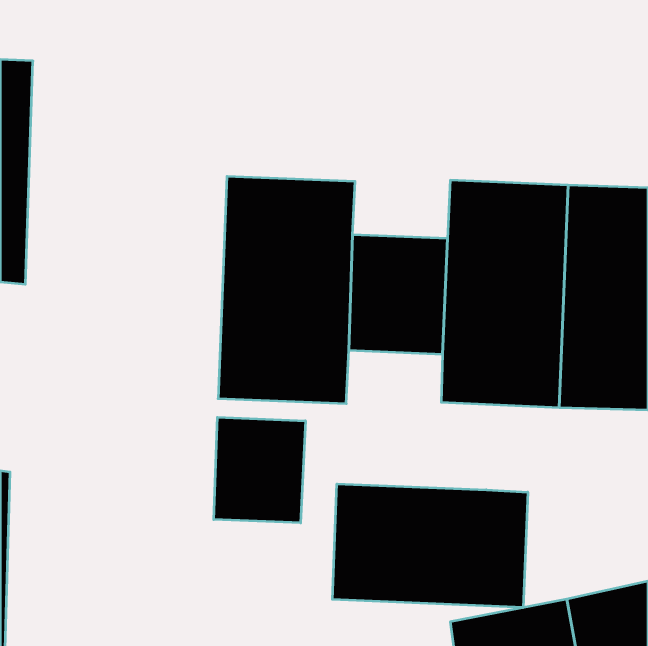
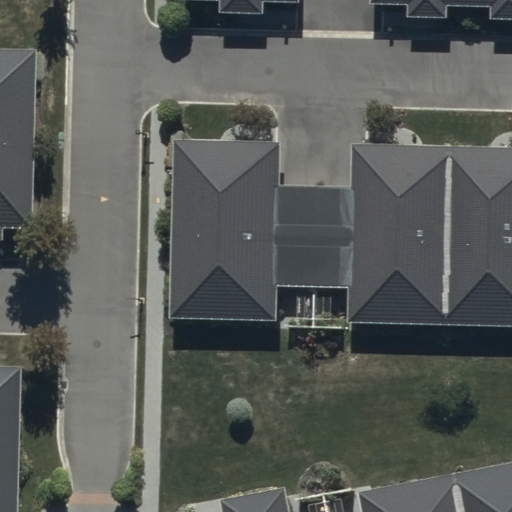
building: [214,417,305,523] -> none
building: [332,484,528,608] -> none

